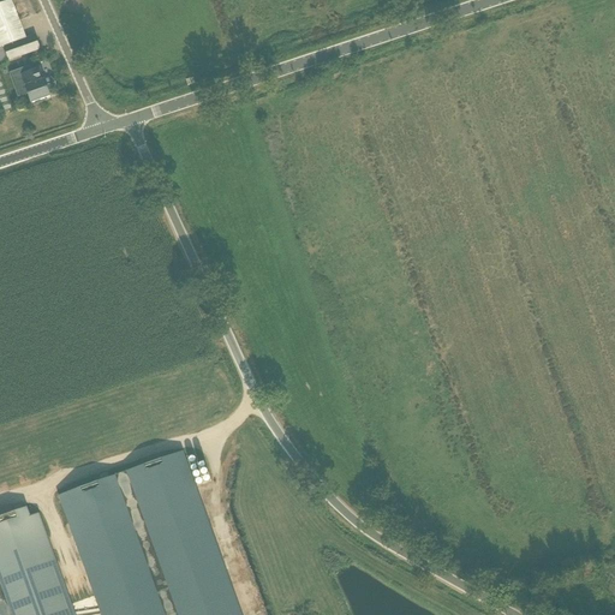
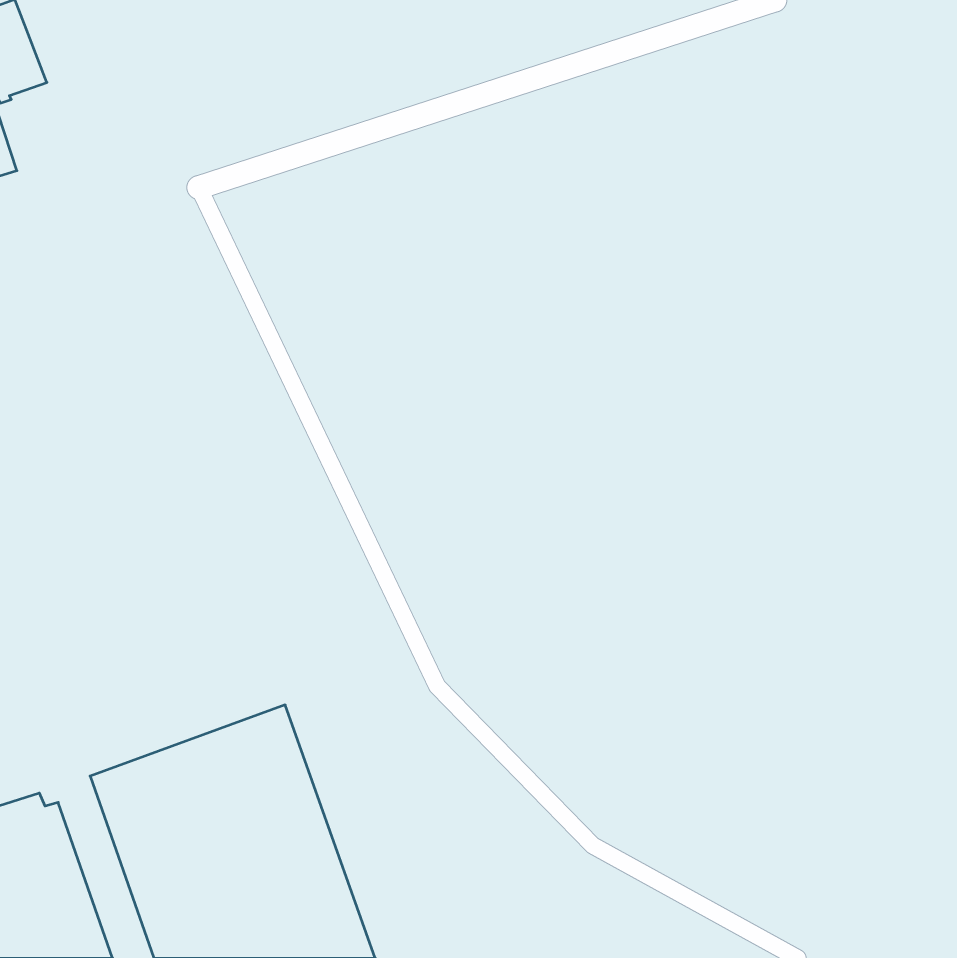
building: [20,70,54,103] -> none

